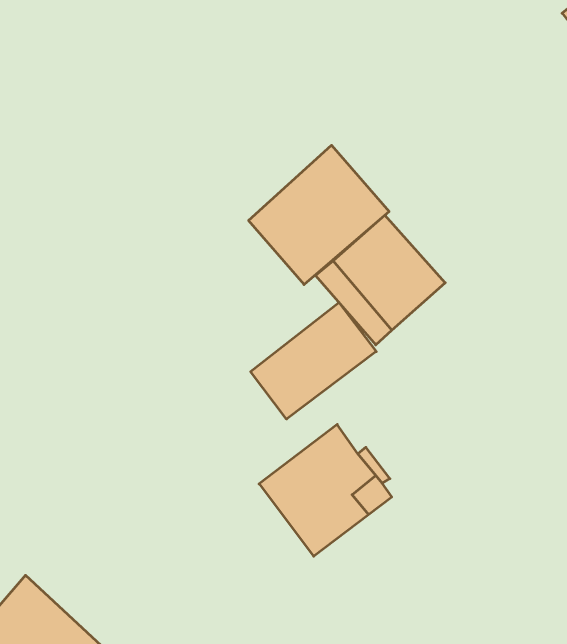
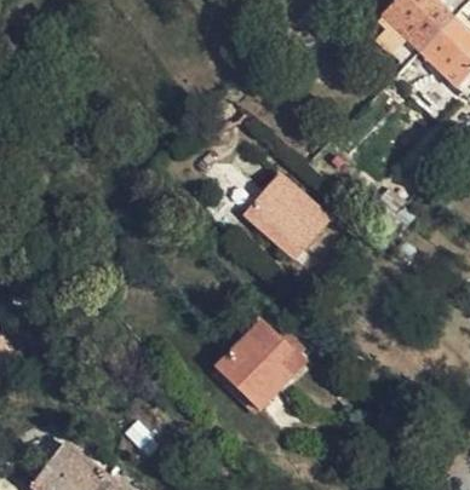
building: [249,145,389,285] -> none
building: [251,302,376,419] -> none

